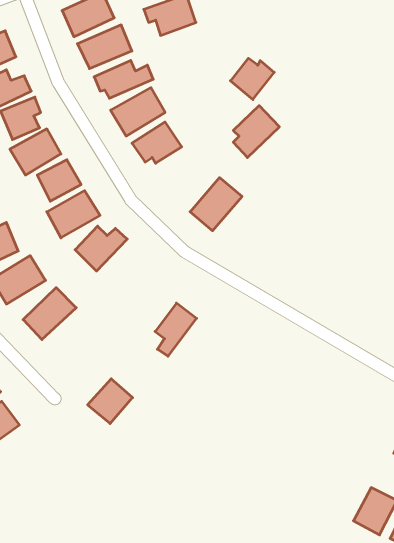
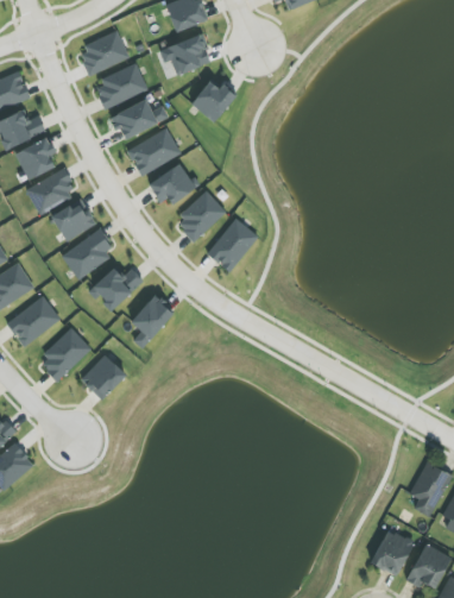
building: [230,58,274,100] -> [191,81,235,122]
building: [233,106,279,158] -> [179,190,226,243]
building: [155,303,197,356] -> [131,295,172,348]
building: [88,379,133,424] -> [80,354,125,399]

